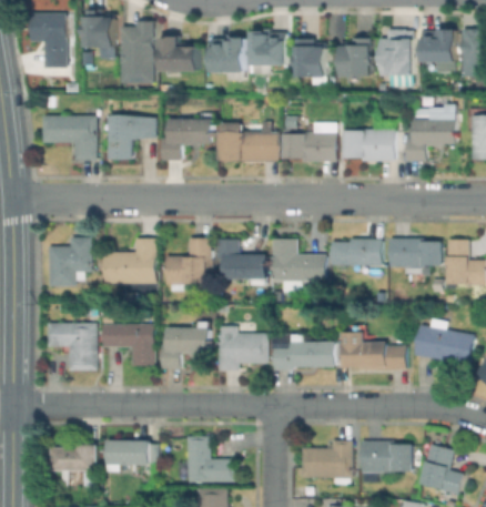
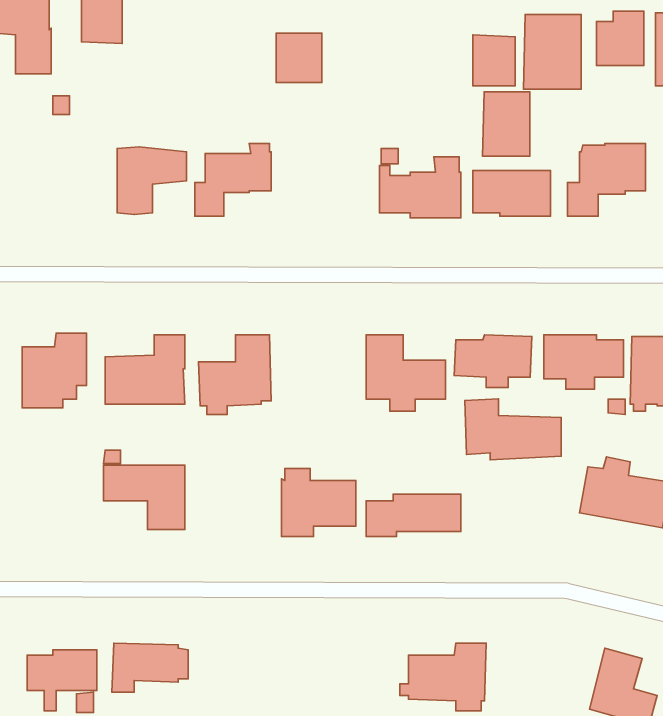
building: [122,26,154,84] -> none
building: [250,28,284,69] -> none
building: [164,33,199,72] -> none
building: [294,38,325,80] -> [482,92,530,156]
building: [42,115,98,160] -> none
building: [216,123,277,162] -> none
building: [216,240,265,285] -> none
building: [160,322,209,369] -> none
building: [47,323,95,372] -> none
building: [342,332,405,372] -> [465,399,561,460]
building: [185,436,234,483] -> none
building: [360,442,412,481] -> none

